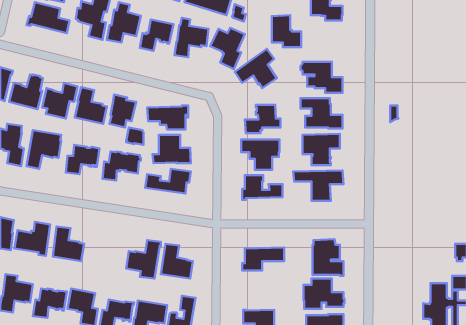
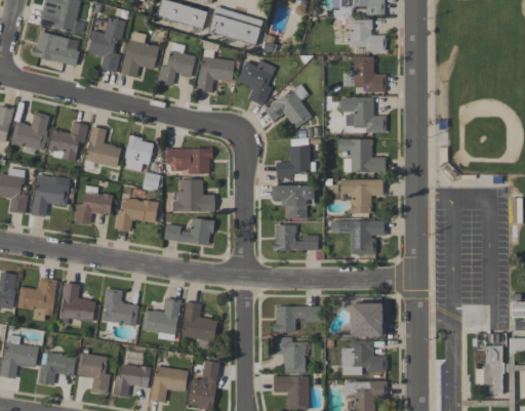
building: [272,15,301,47] -> [353,55,386,91]
building: none -> [100,288,138,330]
building: none -> [272,336,306,372]

